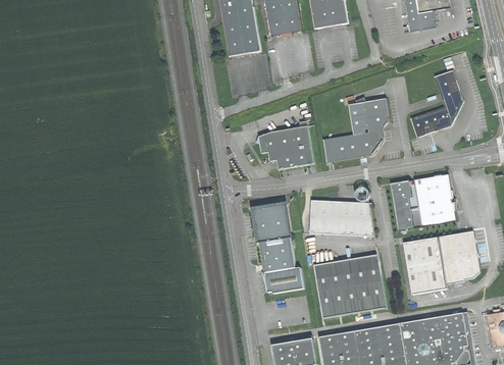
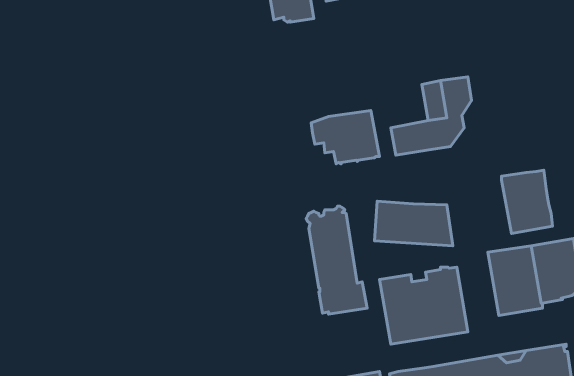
building: [410,69,462,136] -> none
building: [390,178,421,229] -> none

